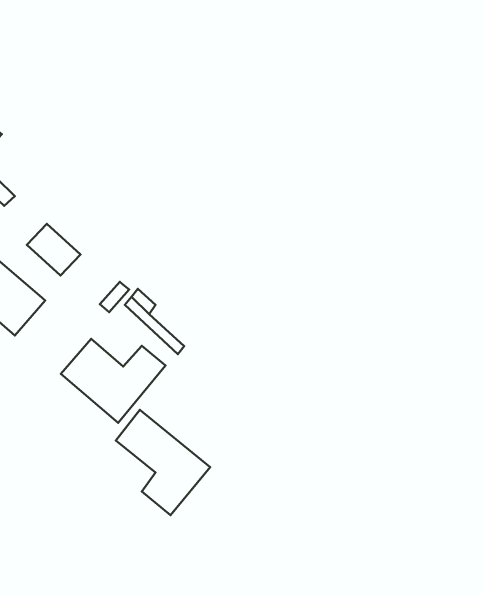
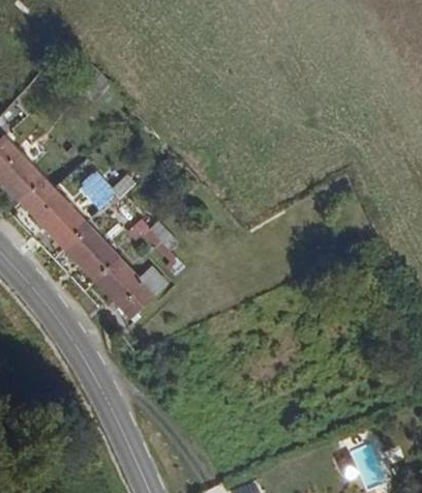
building: none -> [64,226,118,279]
building: [116,410,210,515] -> none

